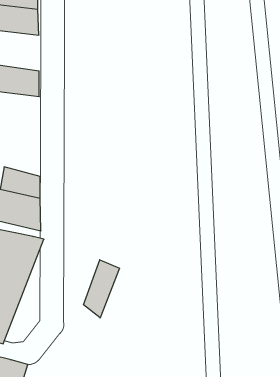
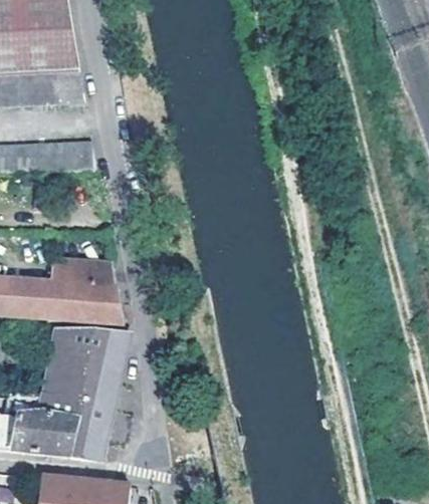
building: [83,260,119,318] -> none

